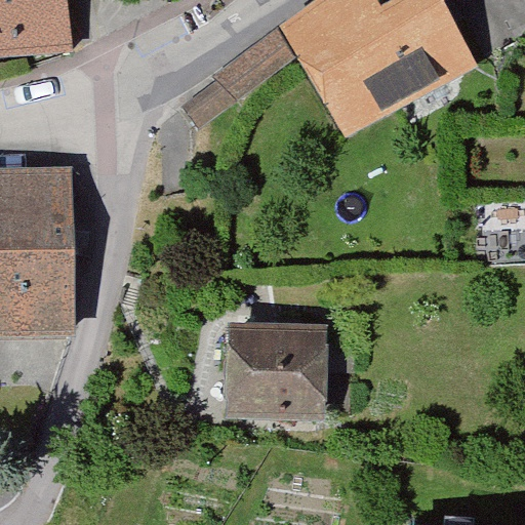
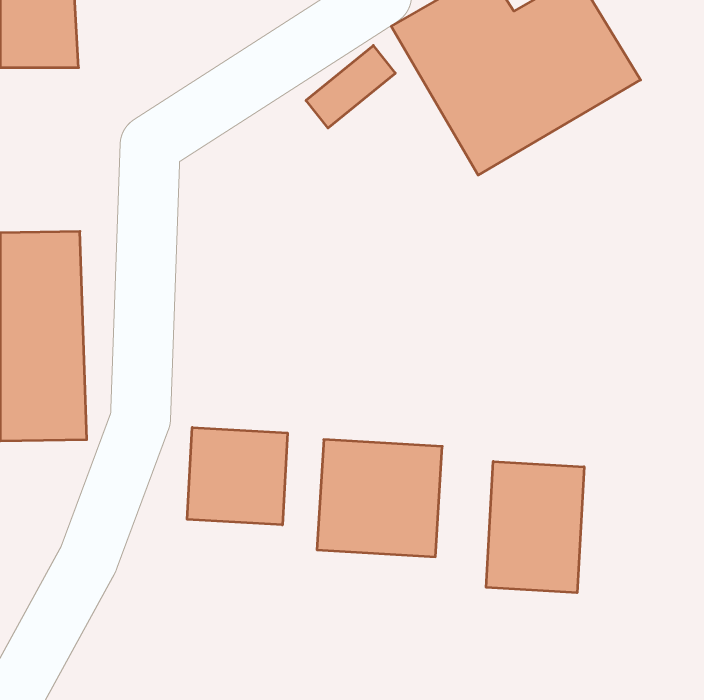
building: none -> [187,427,287,525]
building: none -> [486,461,584,593]

